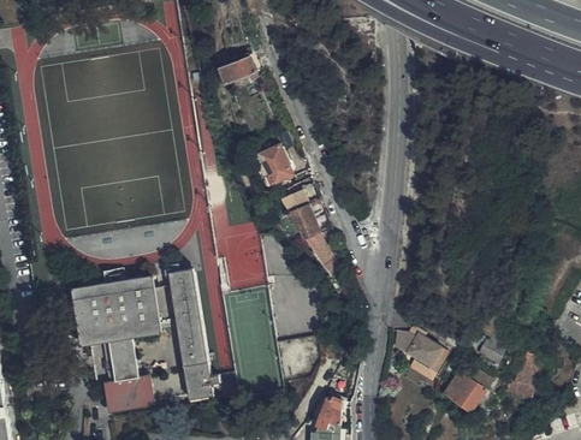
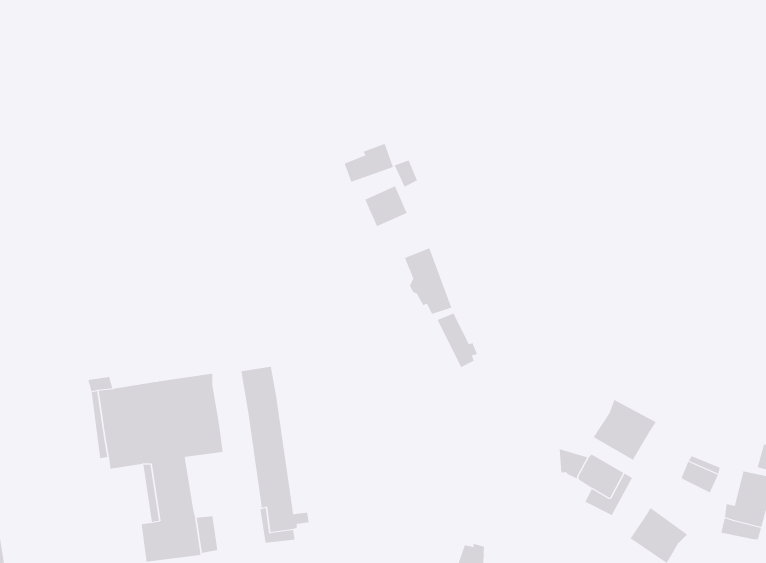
building: [219,54,254,82] -> [344,143,394,183]
building: none -> [593,399,656,461]

